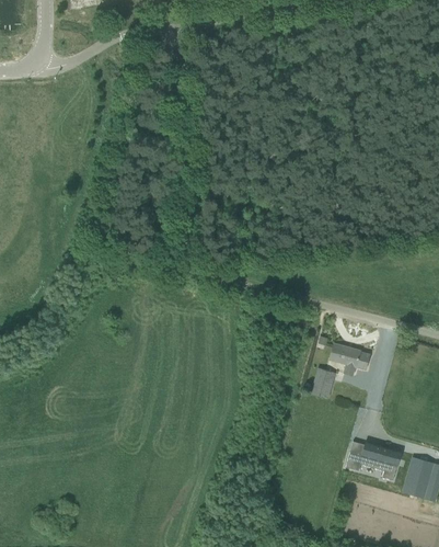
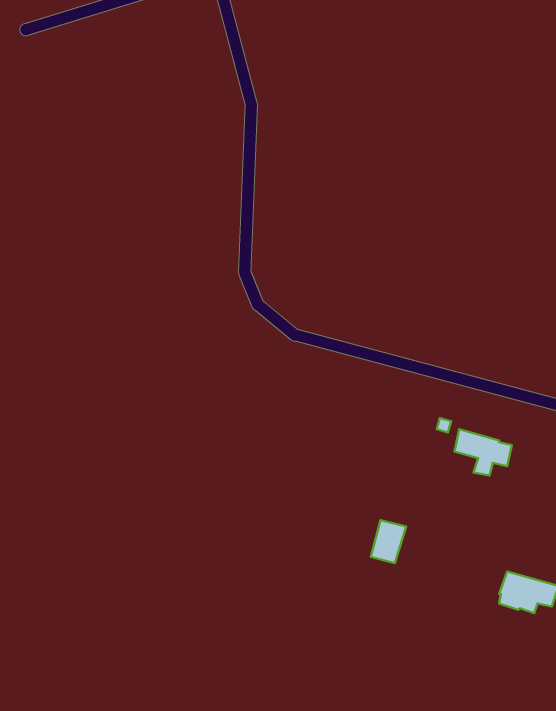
building: [309,368,333,398] -> [371,520,406,563]

